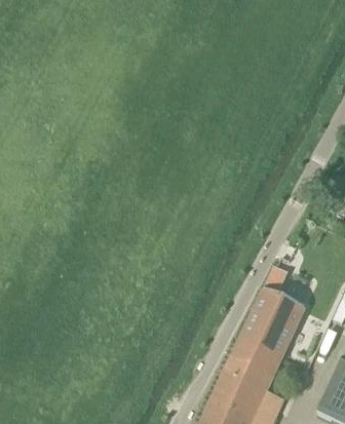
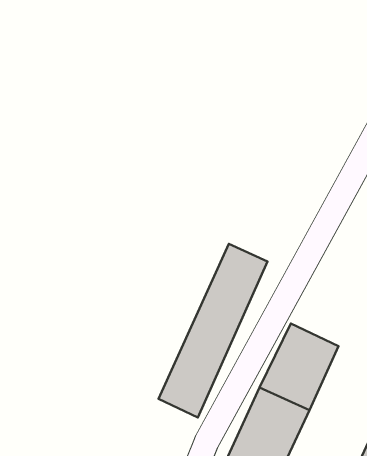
building: none -> [159,244,268,417]

